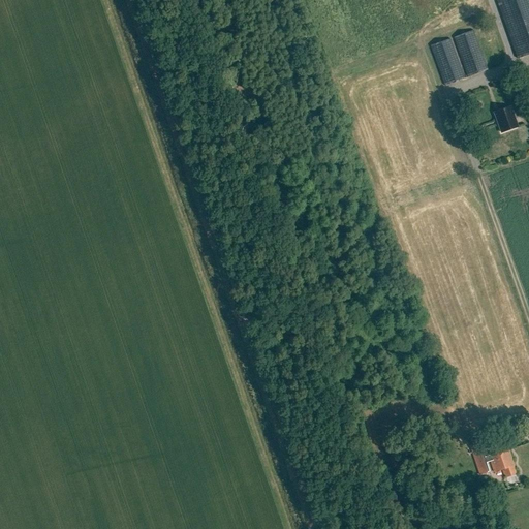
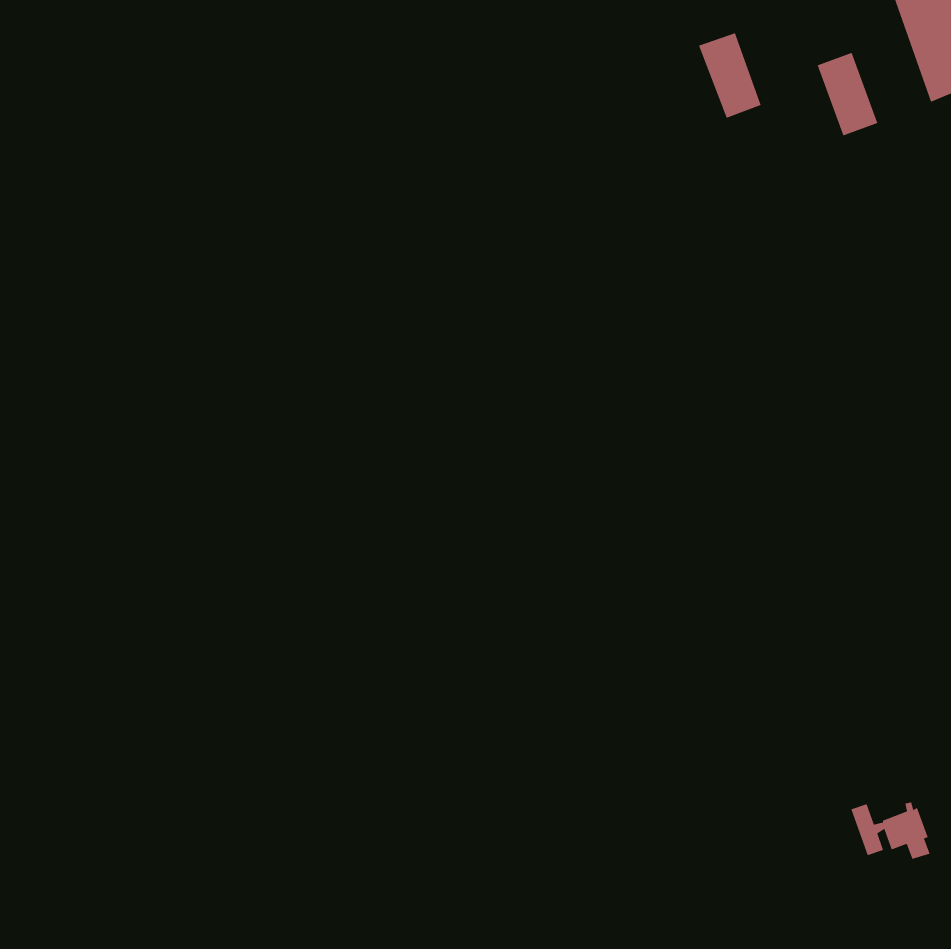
building: [431,36,466,84] -> [698,33,762,118]
building: [494,104,519,132] -> none

